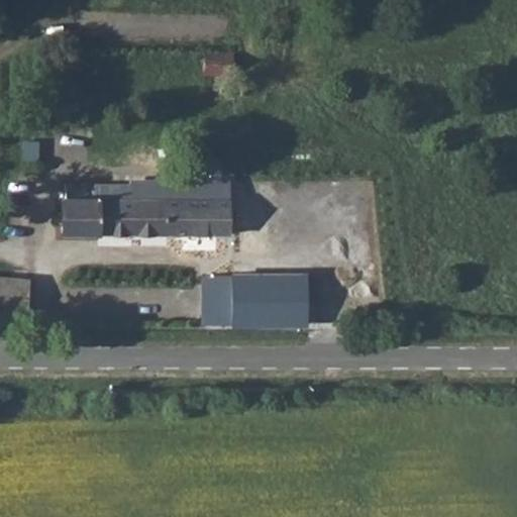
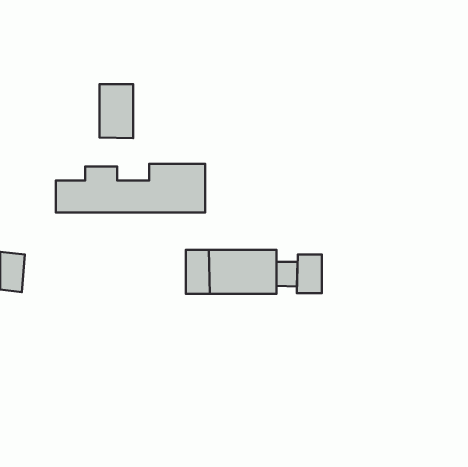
building: none -> [100,84,133,138]
building: none -> [297,254,322,293]

